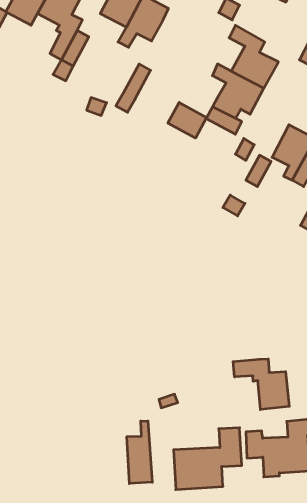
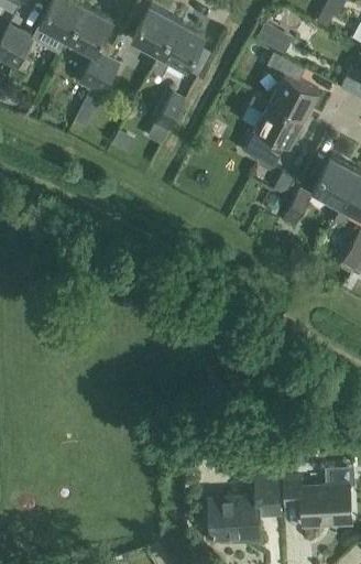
building: [168,102,207,138] -> none
building: [233,359,289,410] -> none
building: [127,421,152,484] -> none

